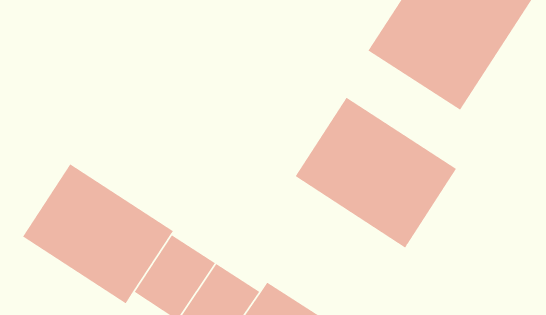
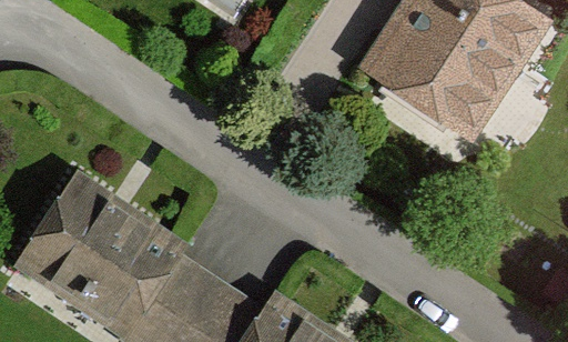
building: [295,97,457,248] -> none

